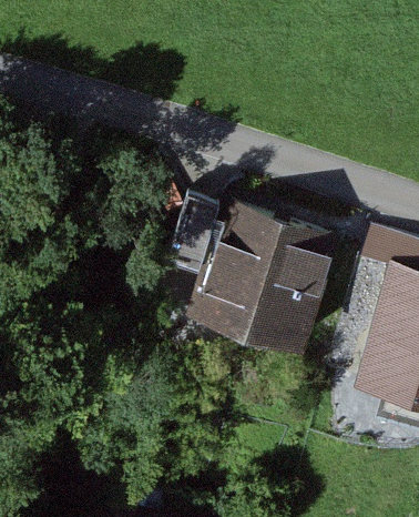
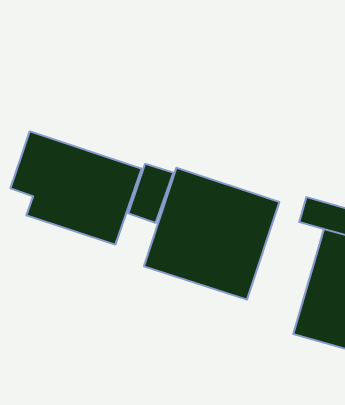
building: none -> [11,131,141,245]

